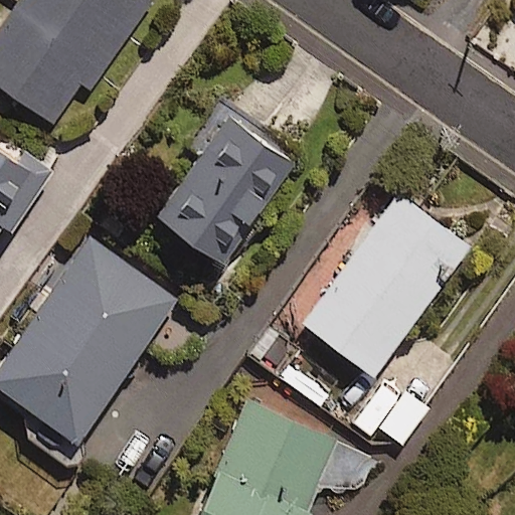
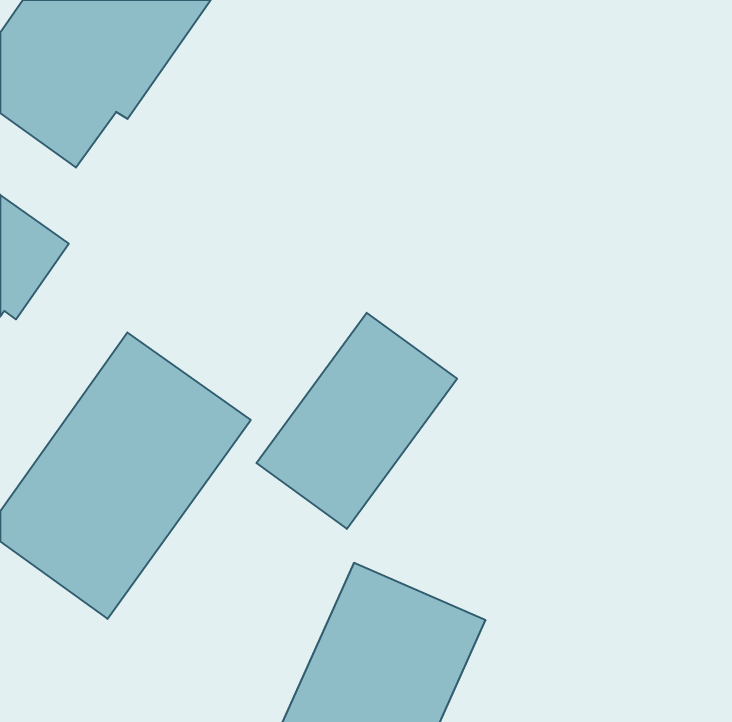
building: [157,109,298,261] -> [256,313,457,529]
building: [304,196,469,375] -> none

